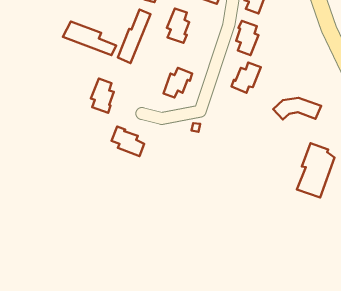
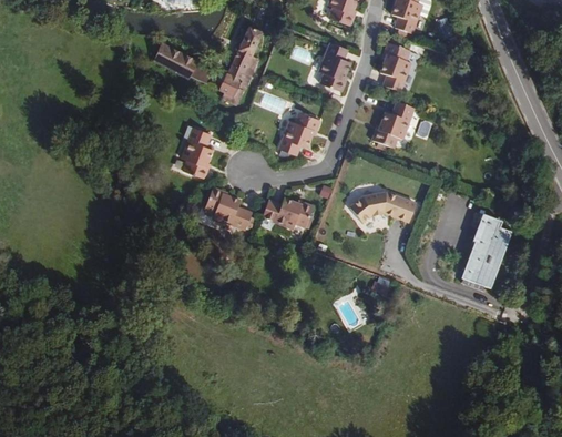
building: [167,9,189,43] -> [318,41,349,89]
building: [273,98,321,120] -> [354,194,420,224]
building: none -> [264,202,315,231]

